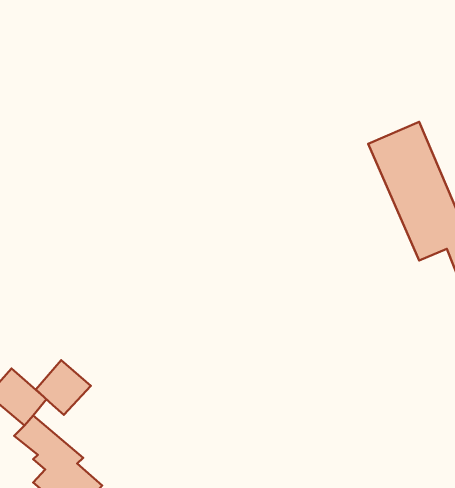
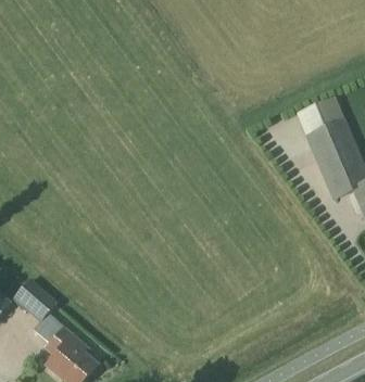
building: [36,360,91,415] -> none

